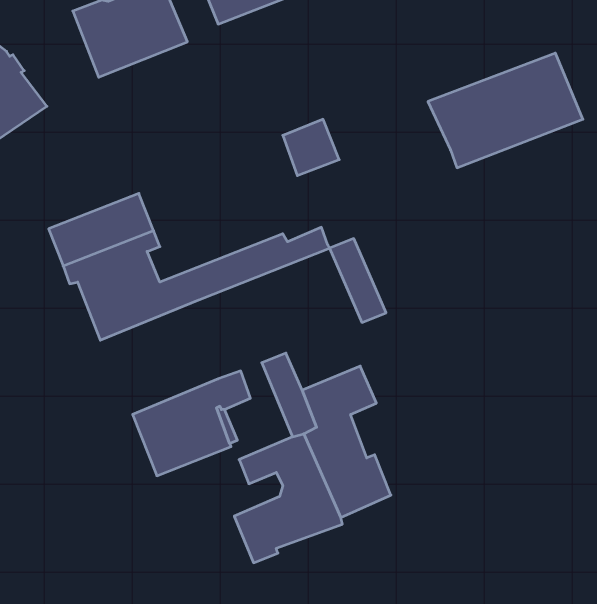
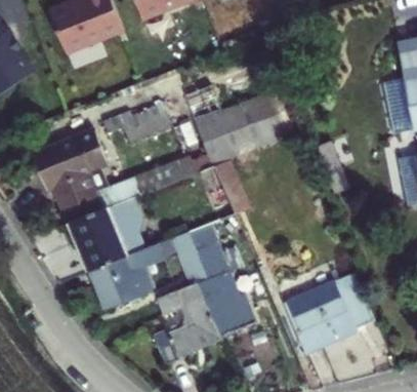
building: [428,53,583,168] -> [194,88,292,161]
building: none -> [121,102,173,140]
building: none -> [68,196,142,269]
building: none -> [283,270,373,350]

